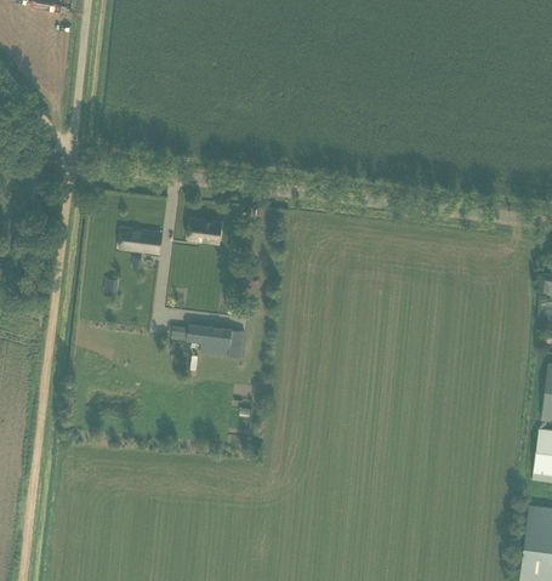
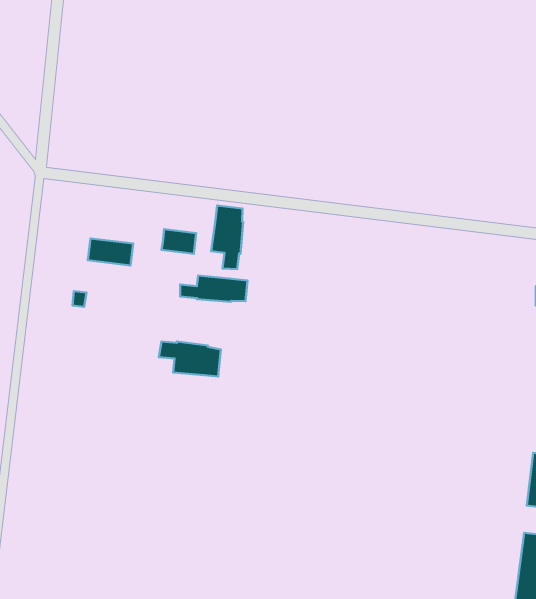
building: none -> [211,206,243,269]
building: none -> [180,275,247,302]

